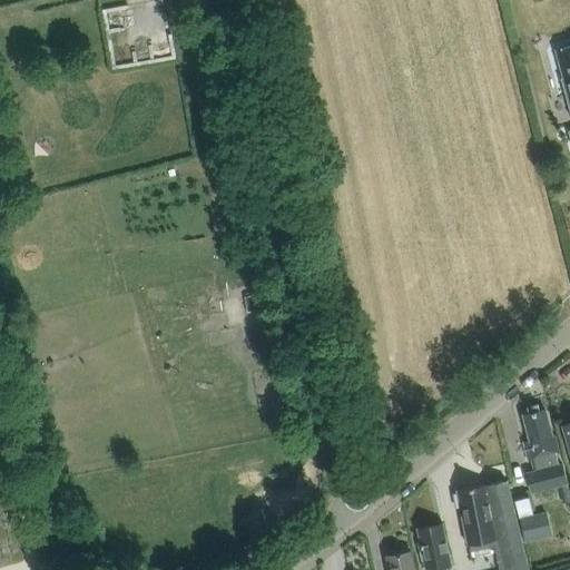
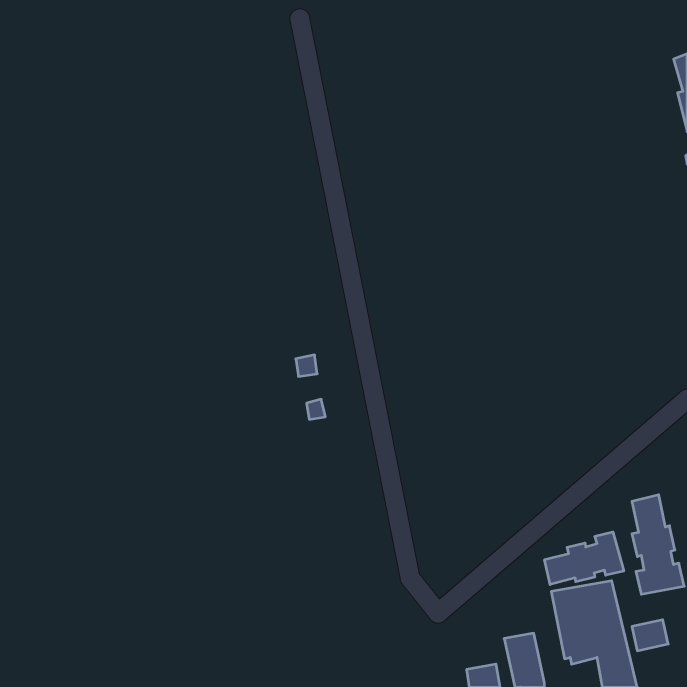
building: none -> [545,532,624,585]

